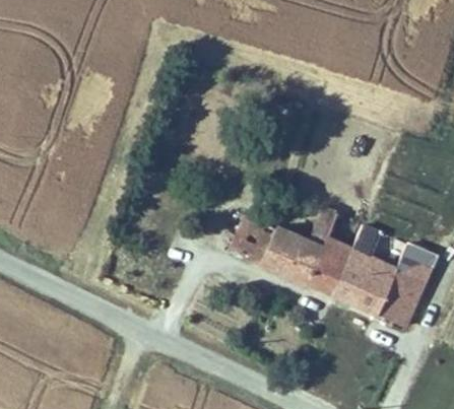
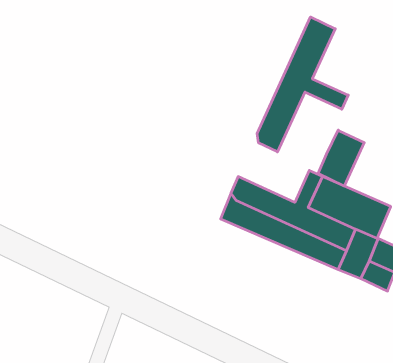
building: none -> [257,17,348,152]
building: none -> [318,130,364,186]

